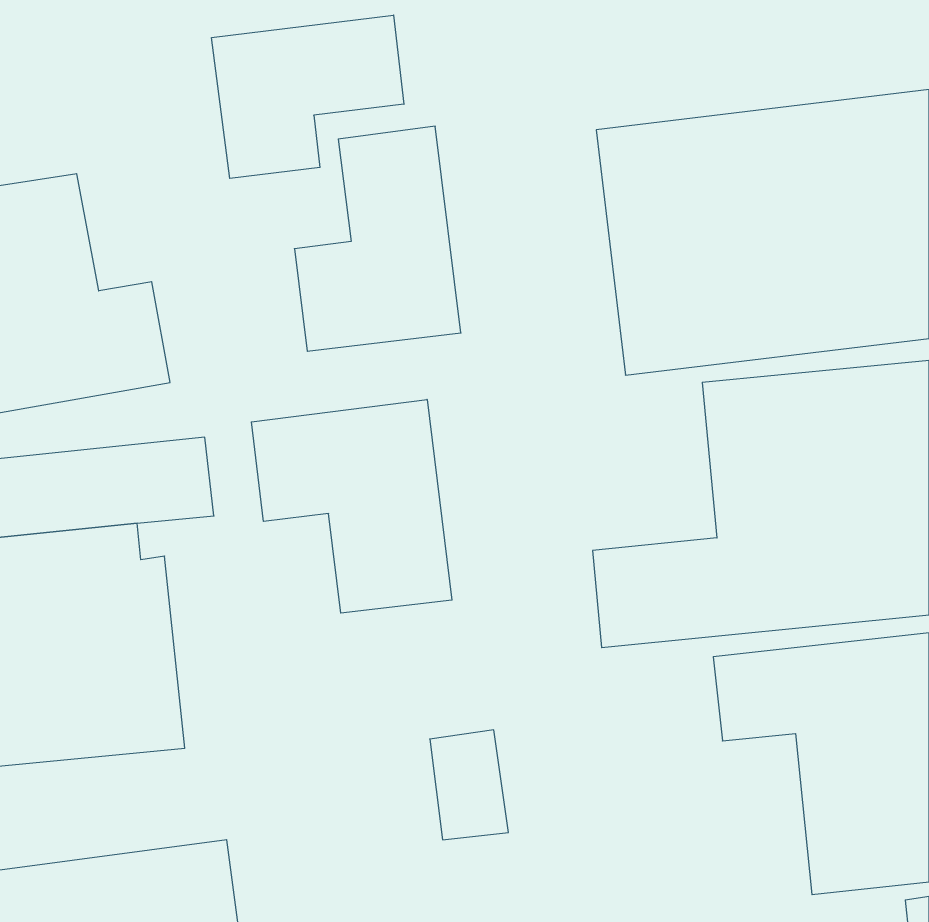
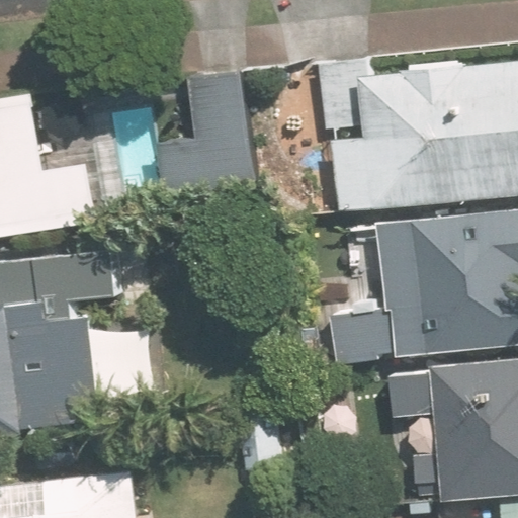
building: [212,15,404,178] -> none
building: [251,399,452,613] -> none

